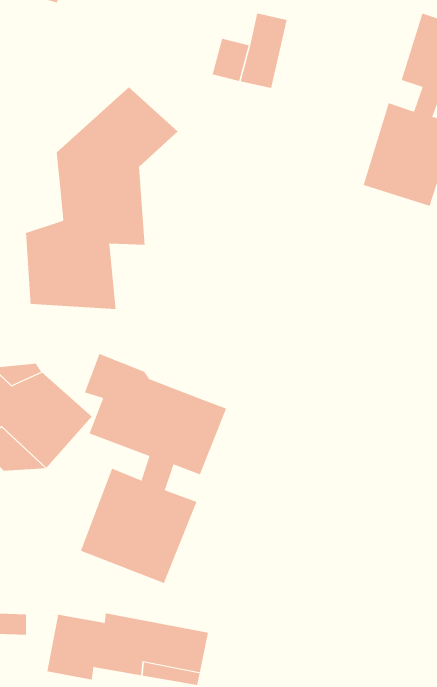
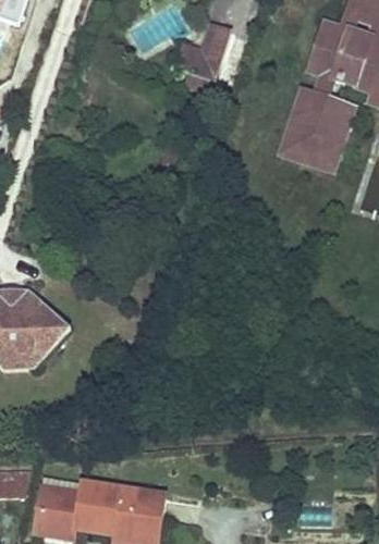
building: [25,86,179,310] -> none
building: [80,353,227,584] -> none

